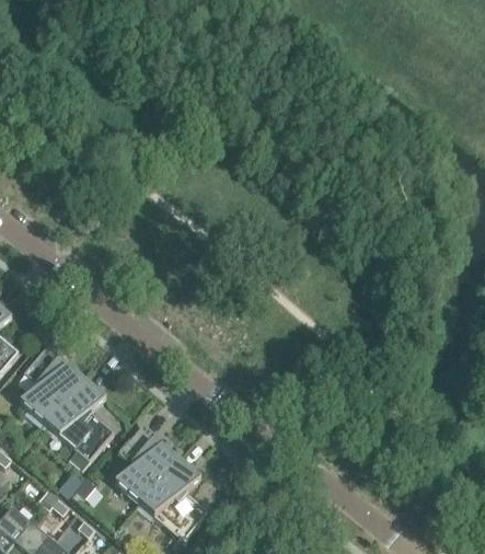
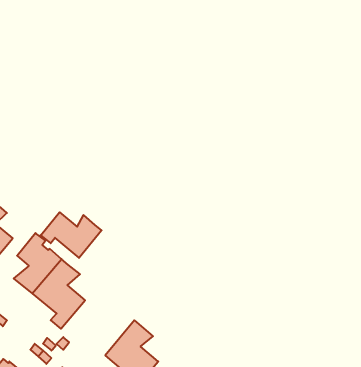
building: none -> [41,212,102,258]
building: [115,424,177,504] -> none

